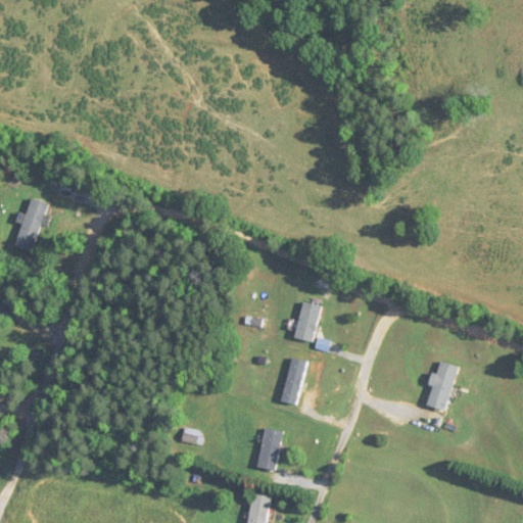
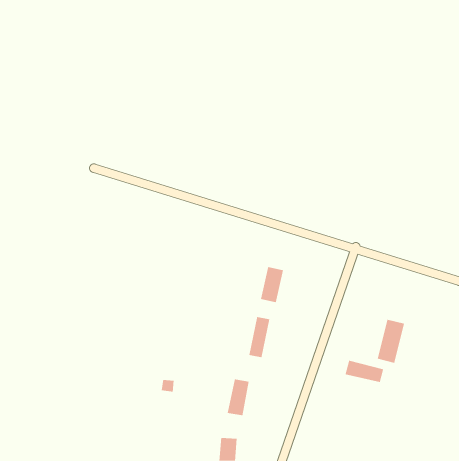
building: [13,198,48,252] -> none
building: none -> [345,360,384,383]

